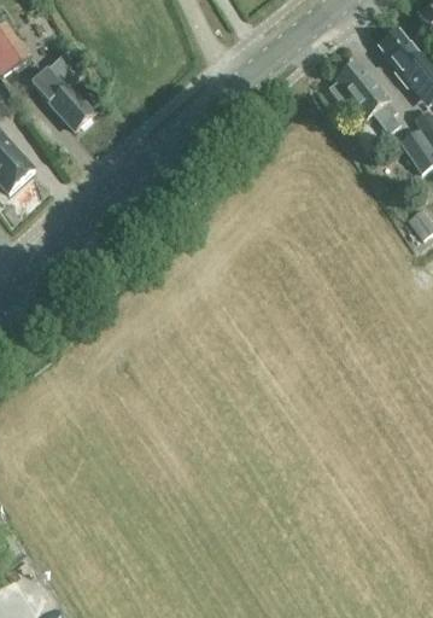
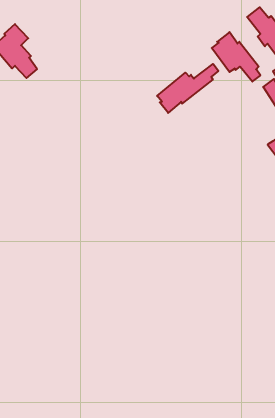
building: none -> [157,64,218,113]

